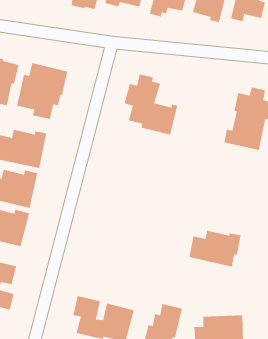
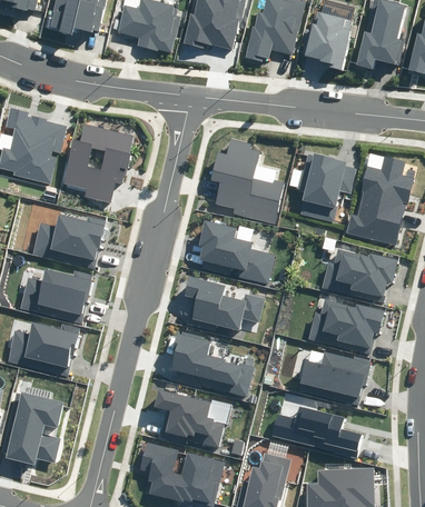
building: none -> [298,152,356,220]
building: none -> [198,220,275,282]
building: none -> [322,248,397,301]
building: none -> [182,276,264,330]
building: none -> [308,298,383,354]
building: none -> [170,330,254,395]
building: none -> [152,389,224,447]
building: none -> [271,406,362,457]

